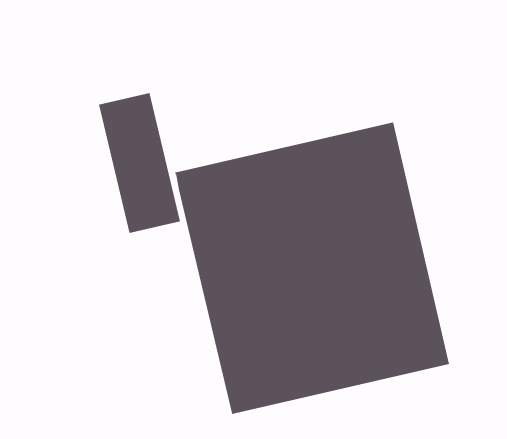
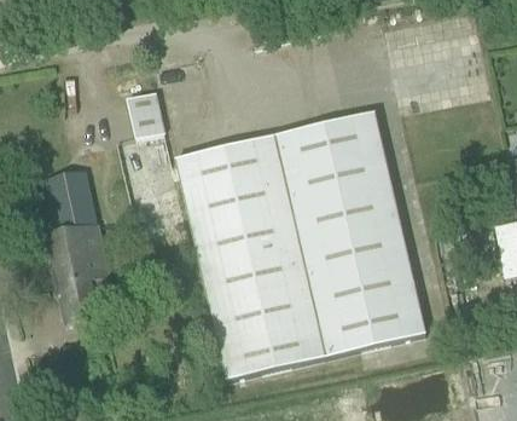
building: none -> [43,169,111,323]

